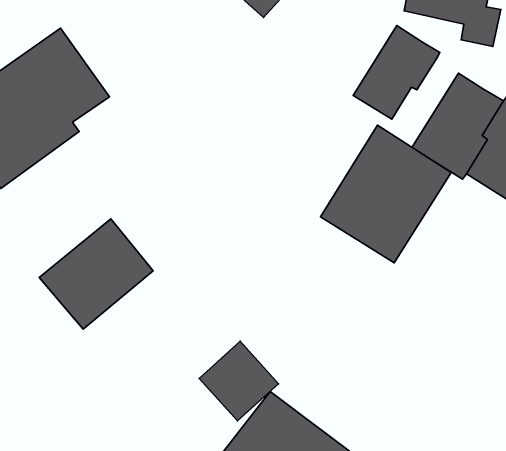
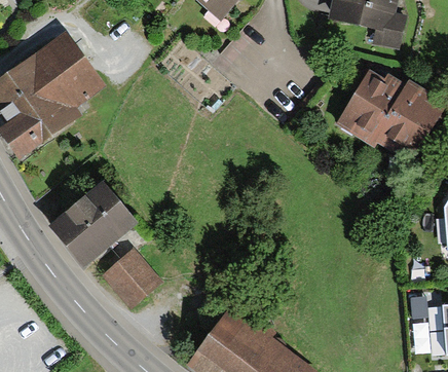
building: [353,26,440,119] -> none
building: [321,125,451,263] -> none
building: [199,341,279,421] -> [101,249,162,310]

